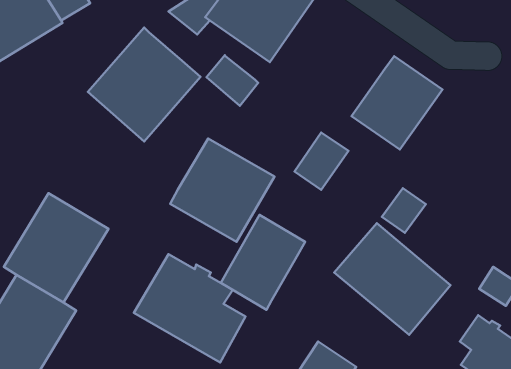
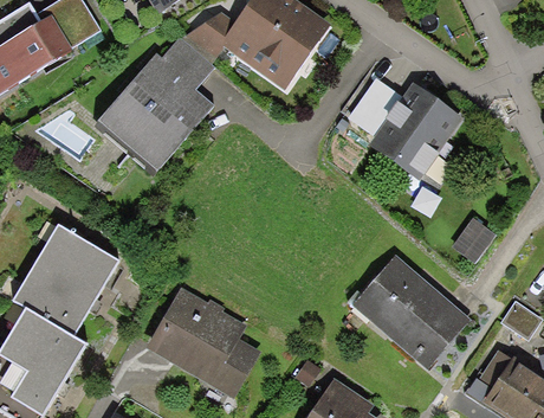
building: [206,55,258,106] -> [161,36,214,88]
building: [295,132,349,190] -> [348,77,403,136]
building: [170,139,274,242] -> none
building: [382,188,426,233] -> [451,216,496,262]
building: [221,215,305,310] -> none

